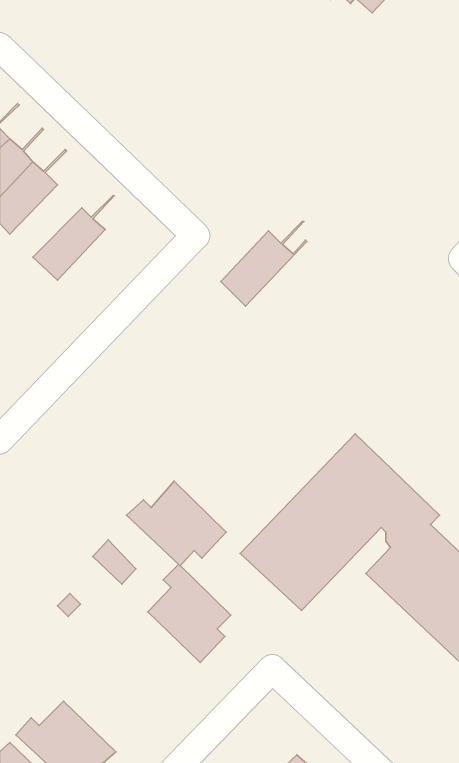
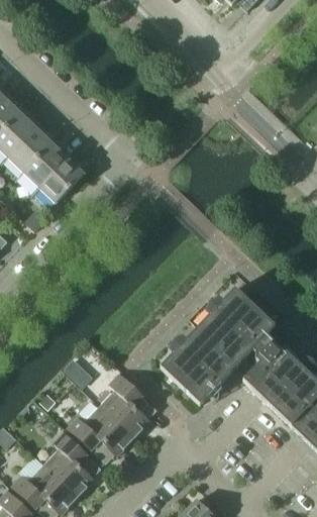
building: none -> [9,116,64,171]
building: [221,222,307,306] -> [40,146,97,202]
building: [127,481,226,566] -> [69,404,134,459]
building: none -> [44,431,99,496]

